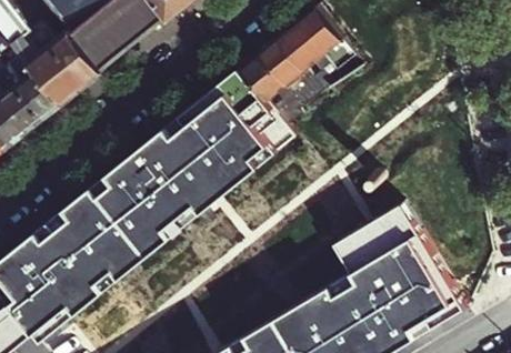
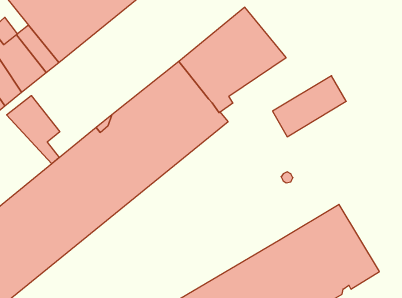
building: none -> [7,96,60,164]
building: [331,205,414,274] -> [273,76,346,137]

